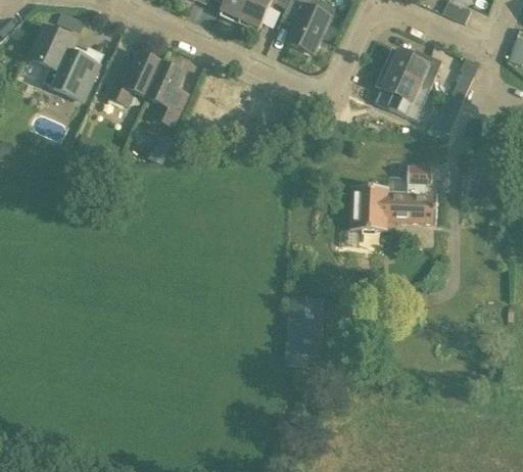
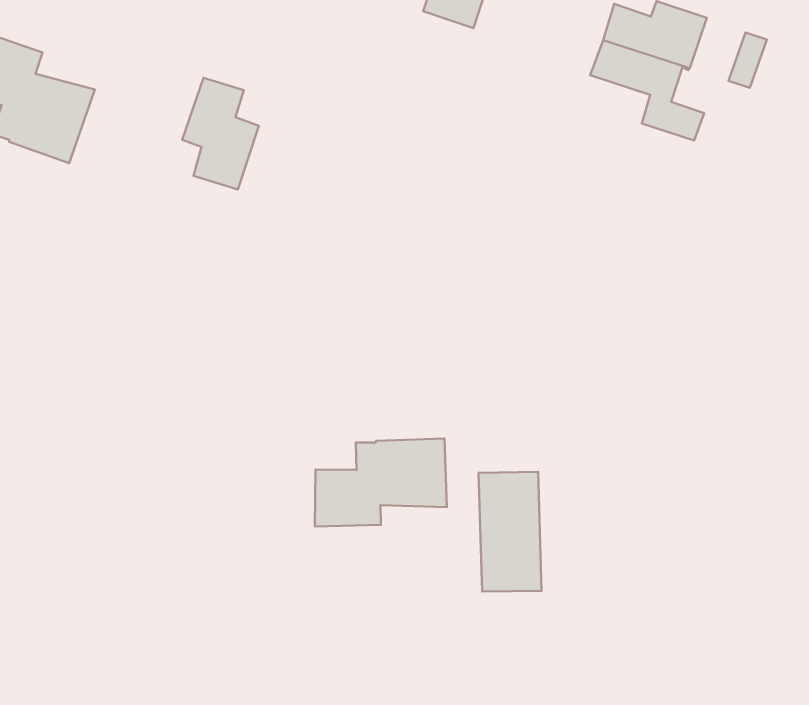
building: [105,54,162,107] -> none
building: [350,166,437,230] -> none
building: none -> [315,438,447,527]

